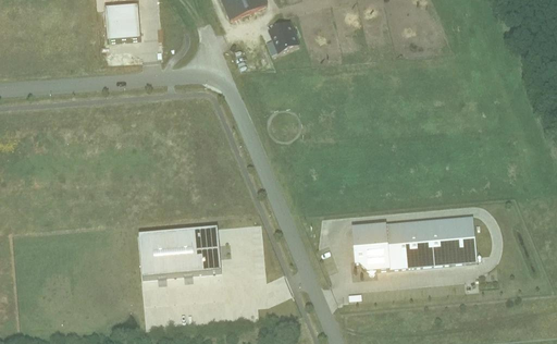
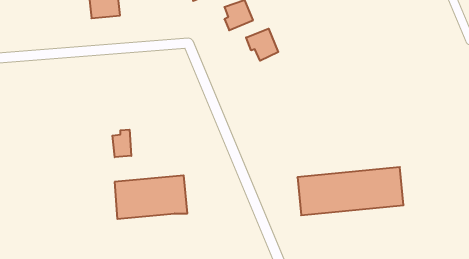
building: none -> [246,29,278,61]
building: none -> [112,130,131,157]

